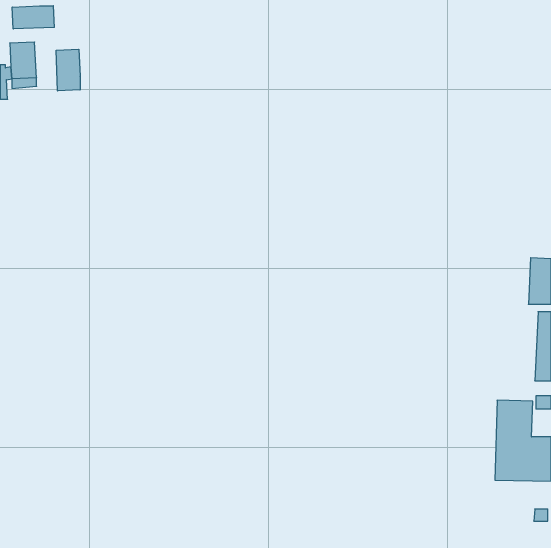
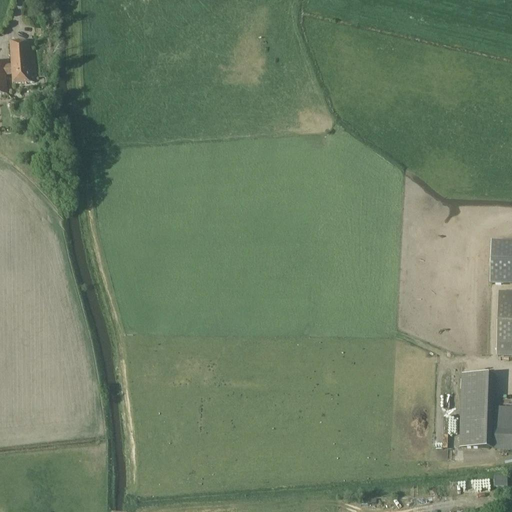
building: [12,6,54,29] -> none
building: [56,49,80,91] -> none

